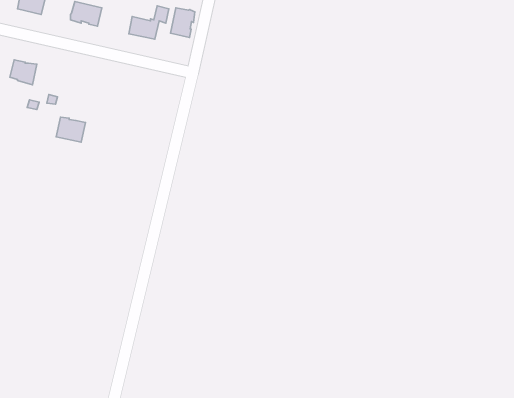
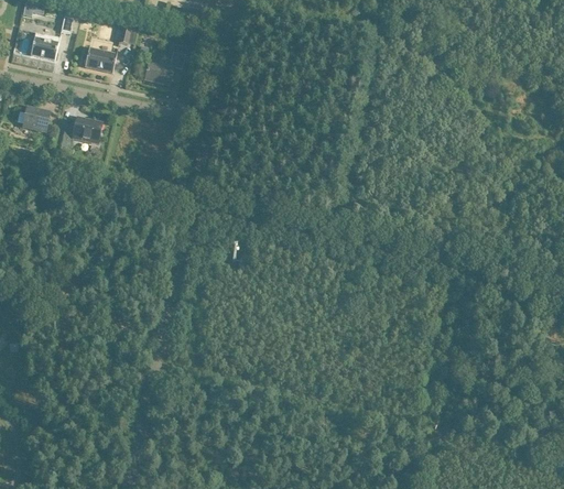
building: [171,8,195,37] -> none
building: [56,117,85,142] -> [72,117,101,142]

